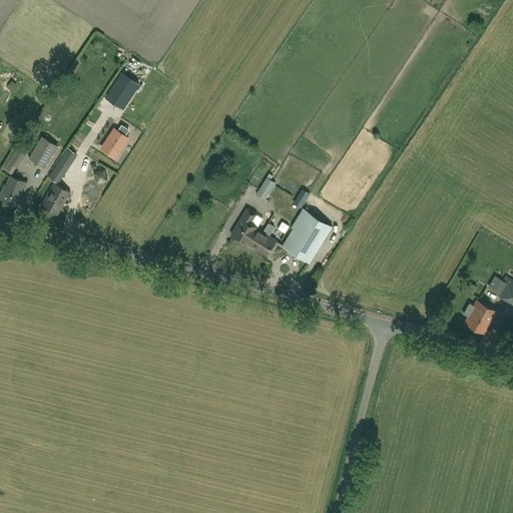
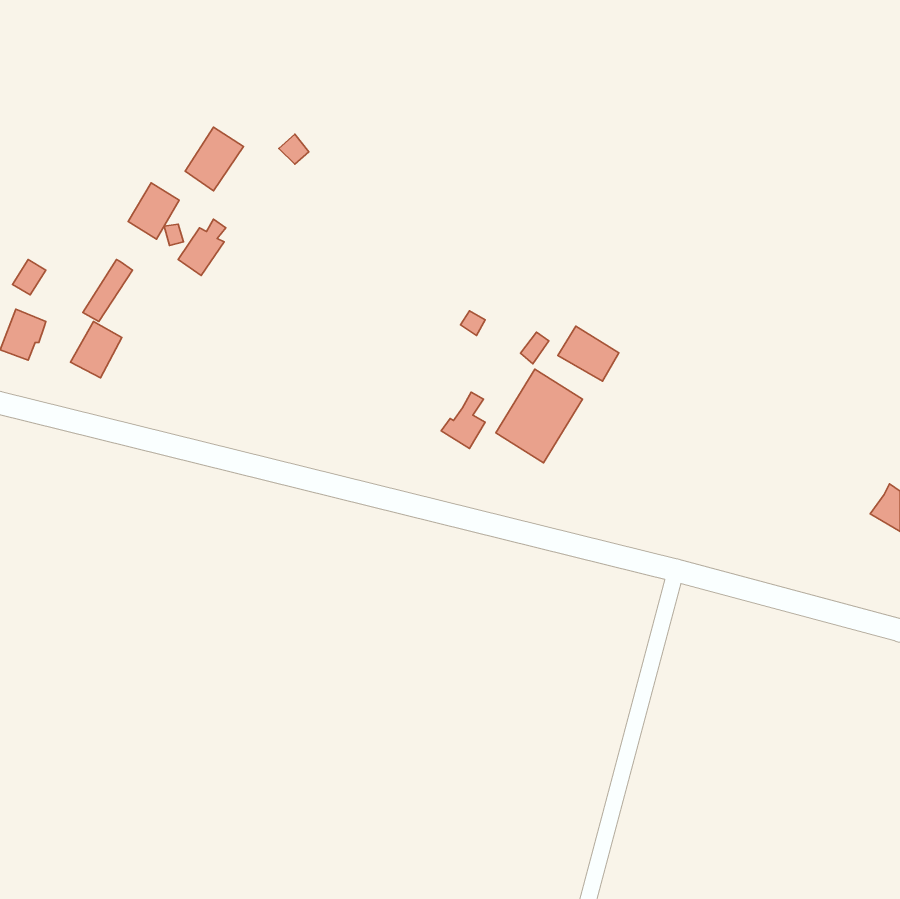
building: [28,137,57,169] -> [128,183,179,239]
building: none -> [558,326,619,381]
building: [230,209,263,246] -> none
building: [462,302,496,335] -> none

